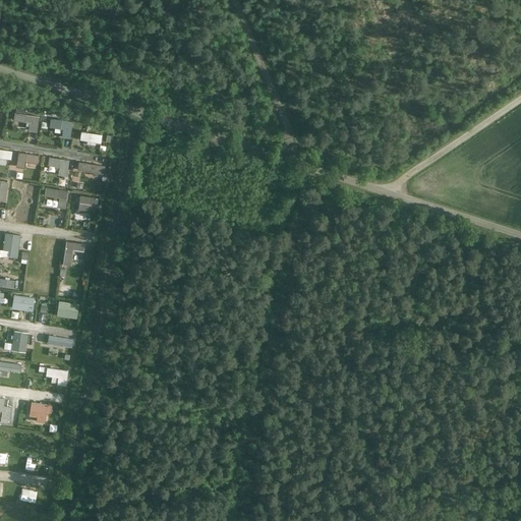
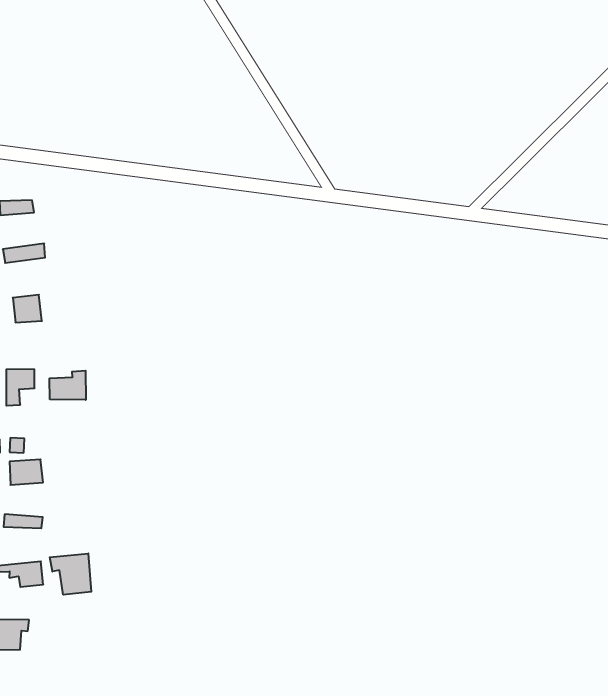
building: none -> [50,371,86,400]
building: none -> [50,553,91,595]

